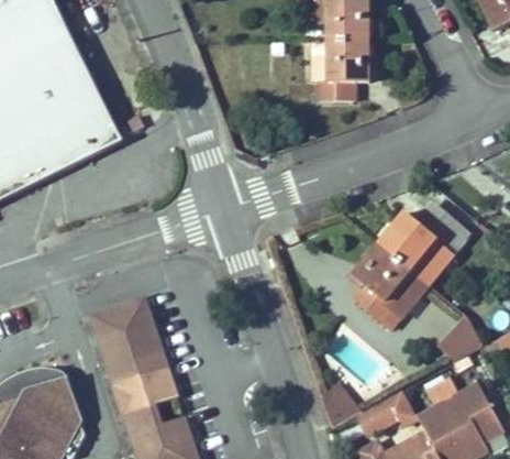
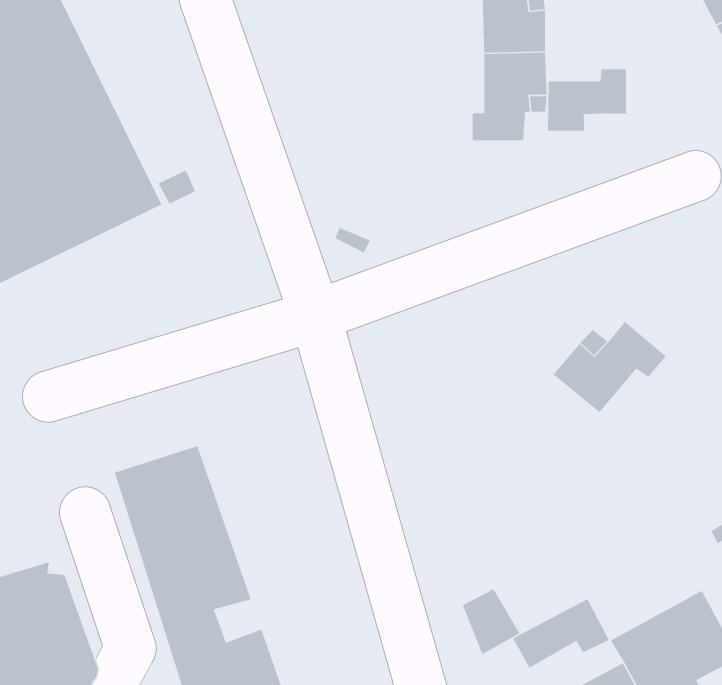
building: none -> [547,68,627,132]
building: [347,248,422,331] -> none
building: [436,321,479,365] -> none

